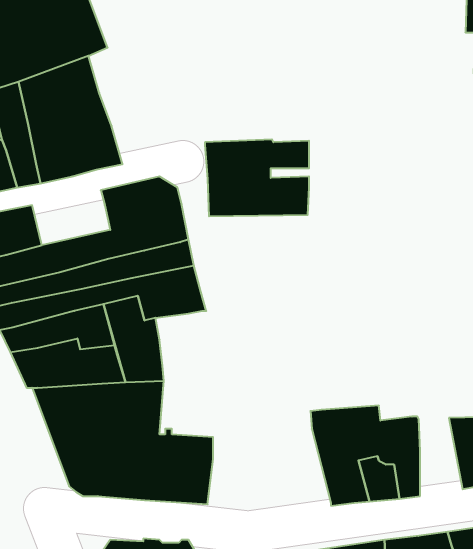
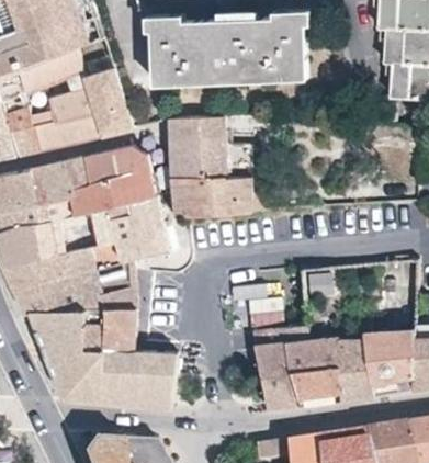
building: none -> [151,16,307,83]
building: none -> [84,69,133,135]
building: none -> [31,156,93,200]
building: none -> [172,176,263,216]
building: none -> [340,338,375,400]

